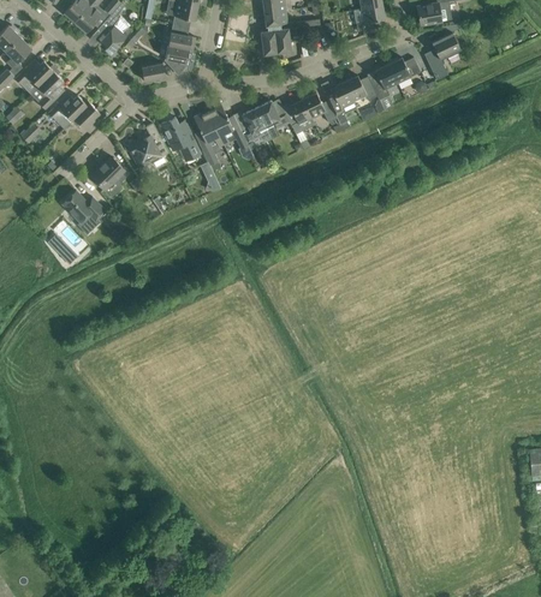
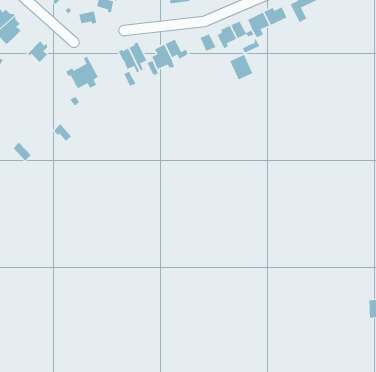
building: [48,95,90,127] -> none
building: [283,100,315,136] -> [229,54,253,81]
building: [160,117,200,162] -> none
building: [91,157,125,191] -> none
building: [61,191,106,235] -> none

